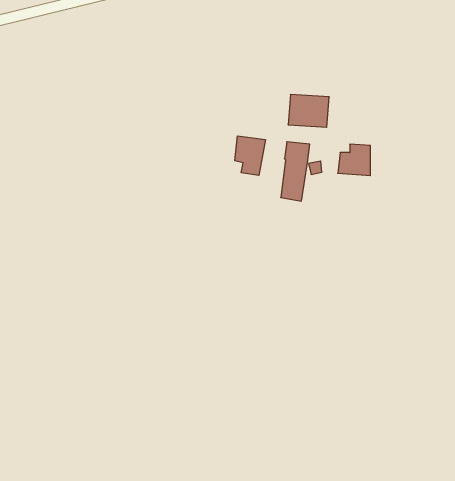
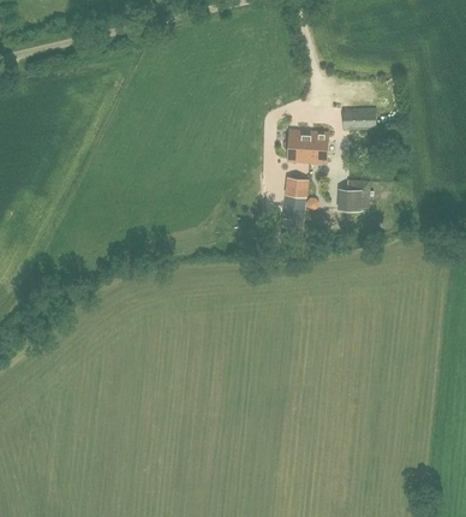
building: none -> [342,107,376,129]
building: [235,136,265,175] -> none

